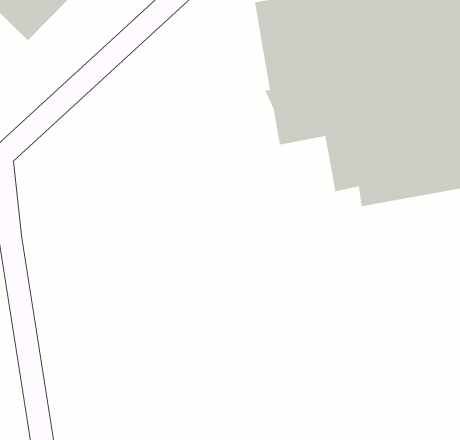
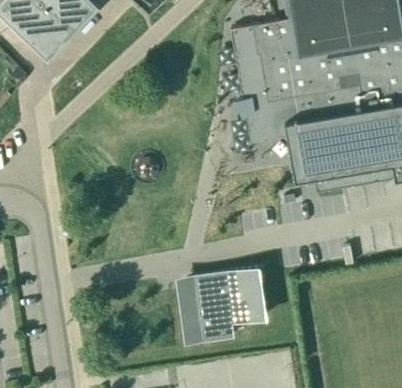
building: none -> [177,267,267,345]

